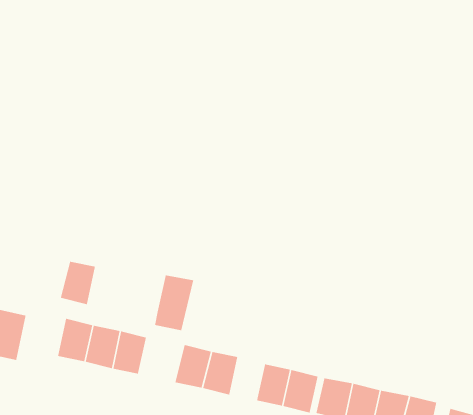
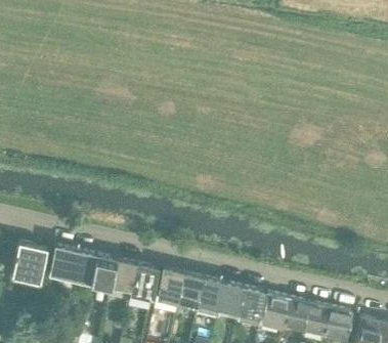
building: [60,261,96,305] -> [49,246,76,278]
building: [154,274,194,331] -> [128,264,158,306]
building: none -> [198,278,223,311]

